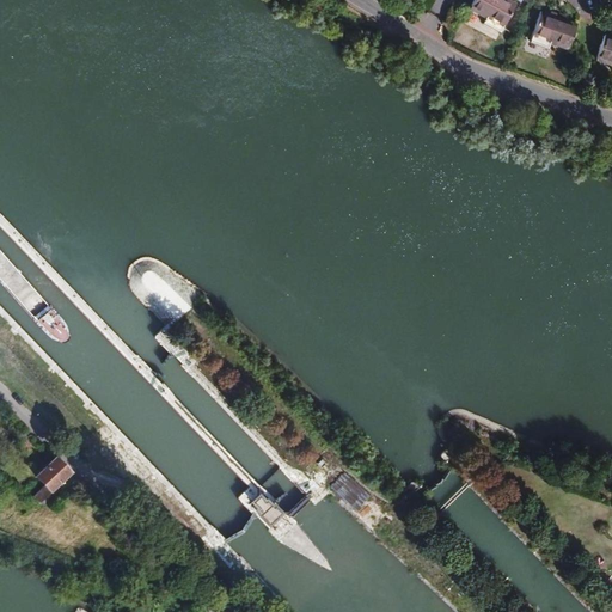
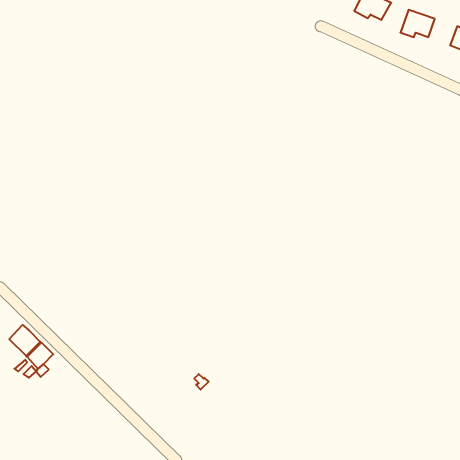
building: none -> [9,325,40,356]

